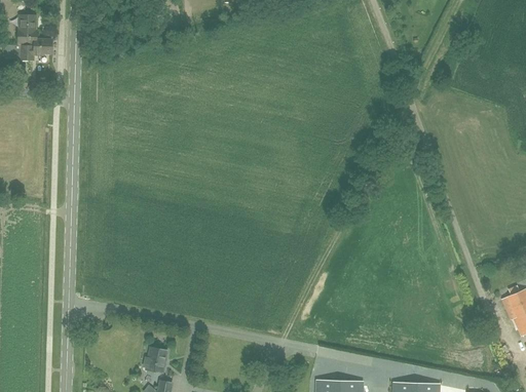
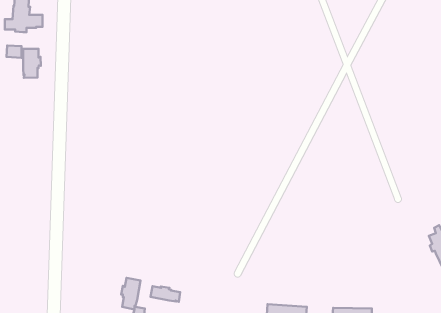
building: none -> [23,49,41,78]
building: none -> [151,286,180,302]

